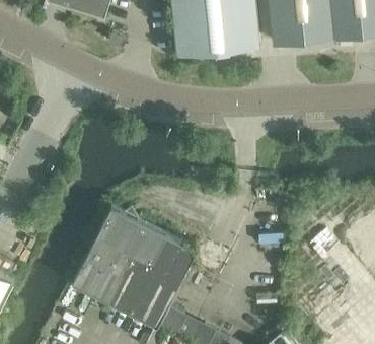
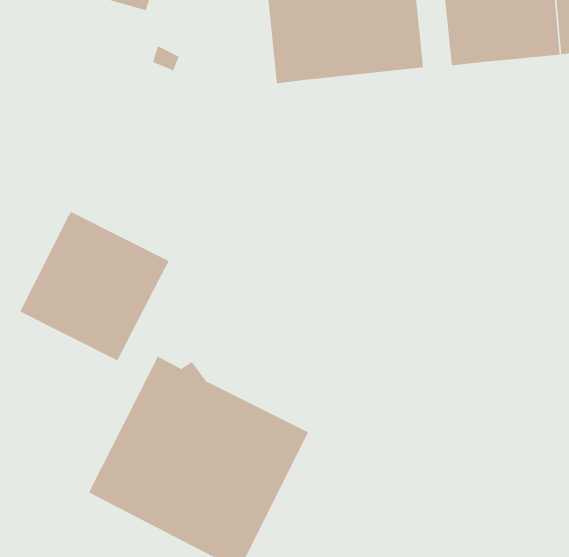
building: none -> [20,212,170,361]

